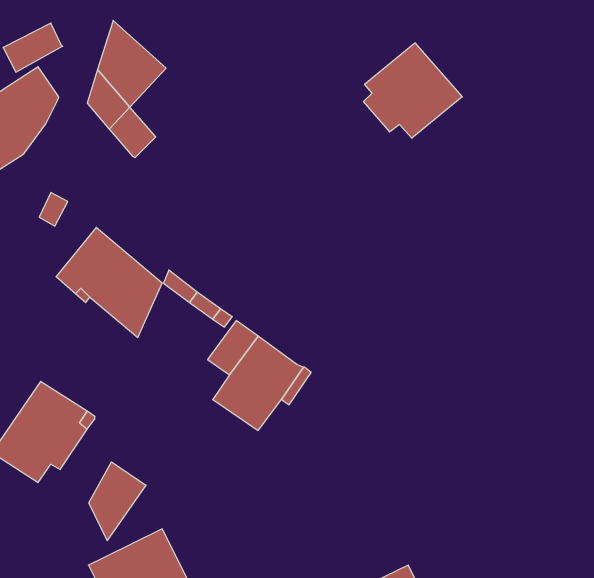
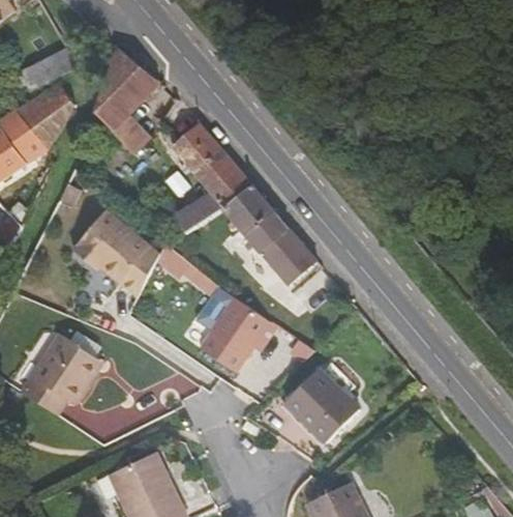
building: [364,43,462,138] -> none
building: none -> [157,122,316,285]
building: none -> [285,369,358,442]
building: [89,462,146,541] -> none

